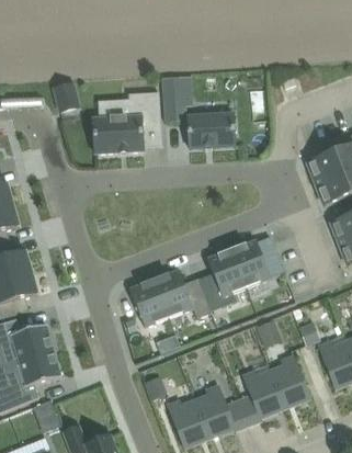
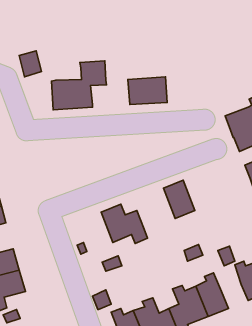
building: [162,77,182,120] -> none
building: [207,250,246,296] -> none
building: [130,280,169,326] -> none

